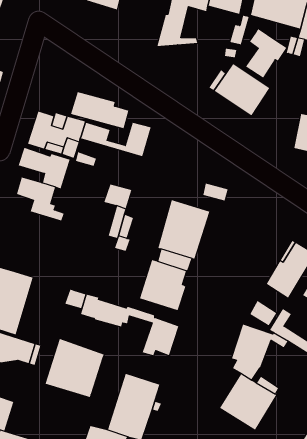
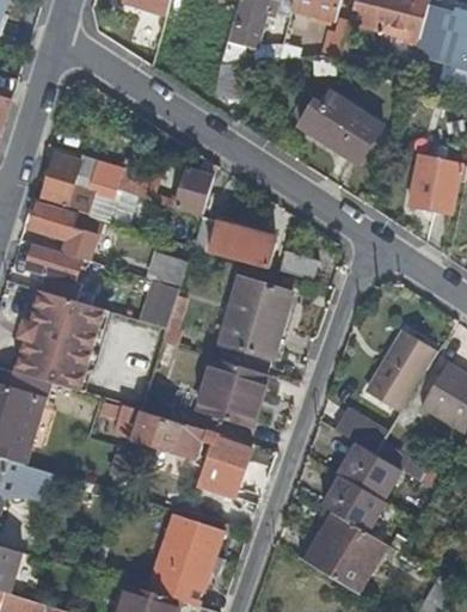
building: [245,28,287,79] -> none
building: [70,91,129,129] -> [190,216,271,268]
building: none -> [19,298,104,392]
building: [45,338,104,398] -> none

